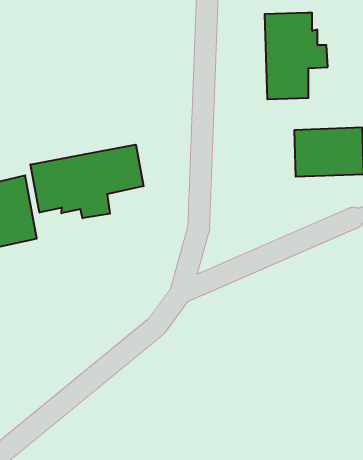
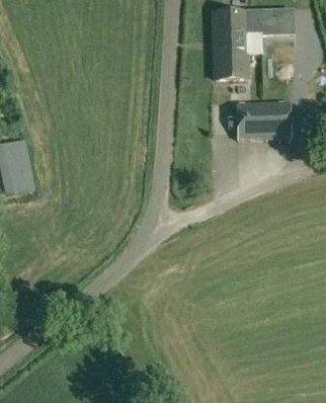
building: none -> [251,9,278,35]
building: [30,145,144,218] -> none

